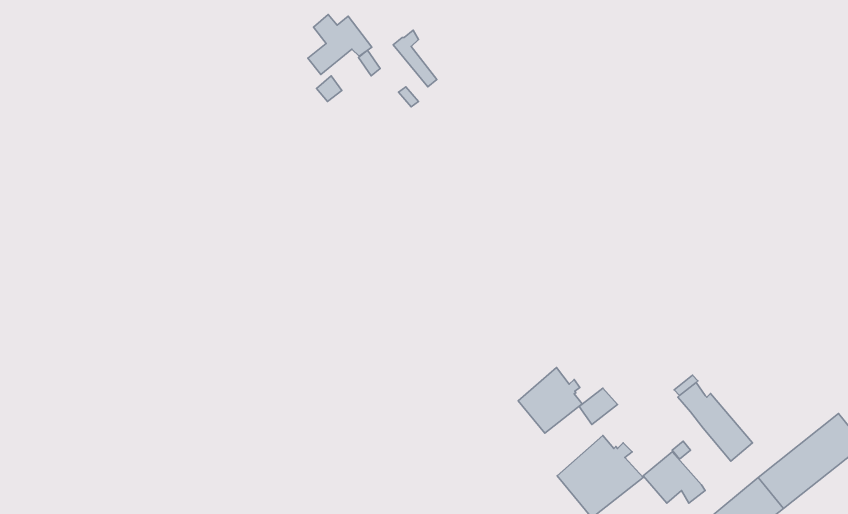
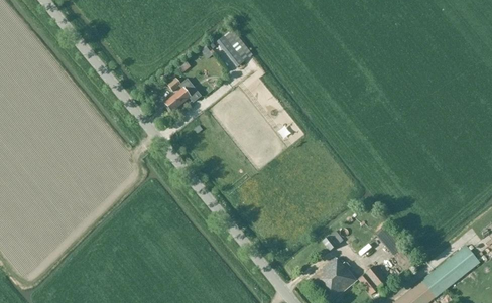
building: [308,14,372,75] -> [165,77,201,110]
building: [518,368,582,433] -> none

